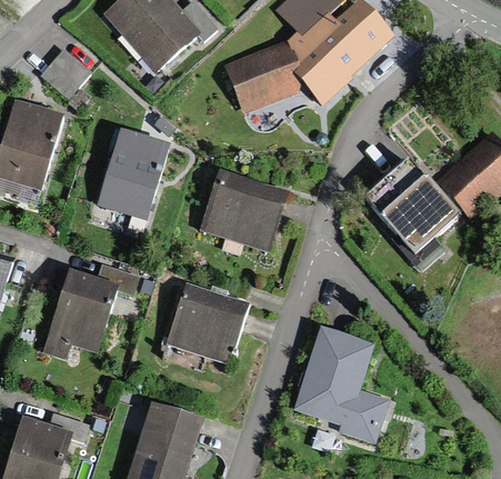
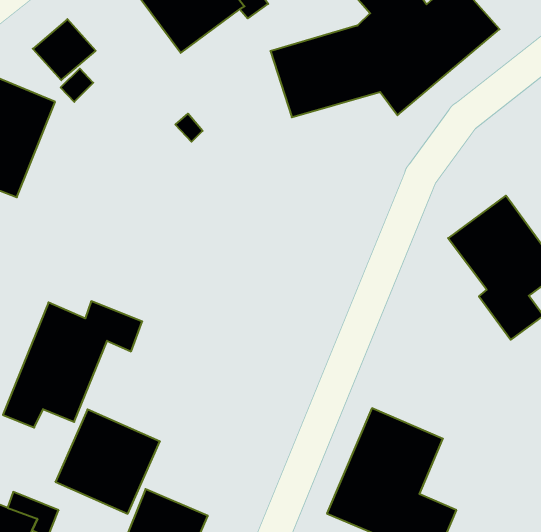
building: [97,127,170,221] -> none
building: [201,170,283,249] -> none
building: [167,291,243,368] -> [55,409,160,514]

